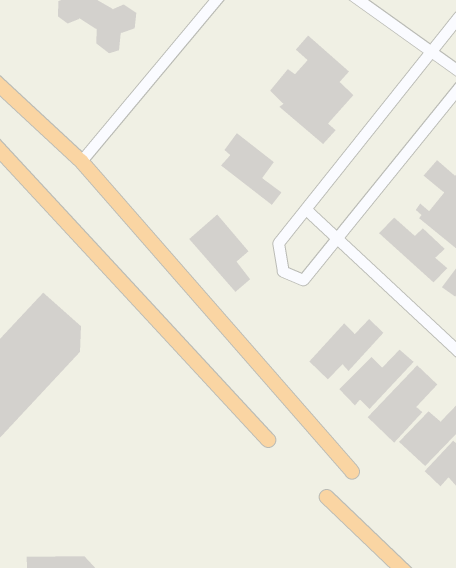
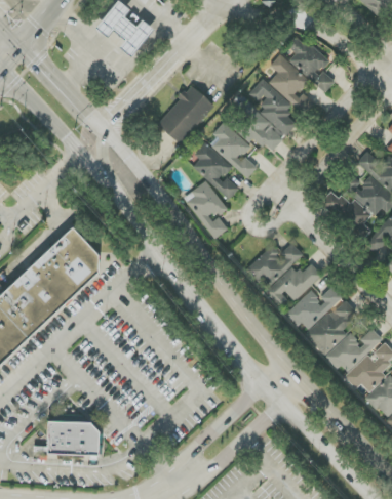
building: none -> [286,33,334,91]
building: none -> [156,83,214,142]
building: none -> [237,100,284,151]
building: none -> [193,140,237,198]
building: none -> [246,241,303,288]

